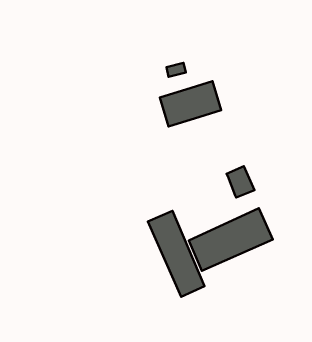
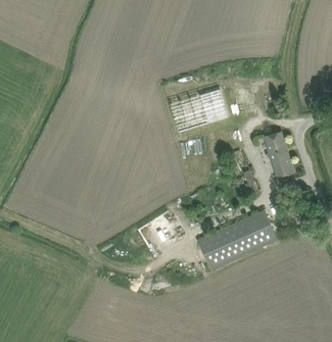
building: none -> [264,131,293,178]
building: [148,211,204,297] -> none

